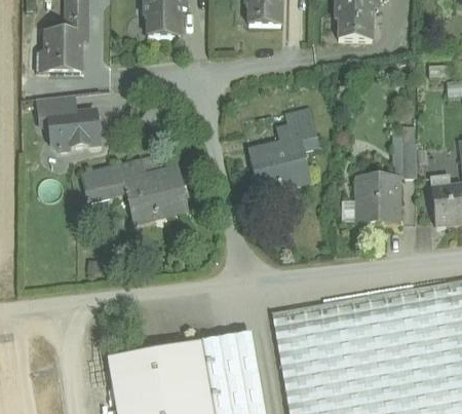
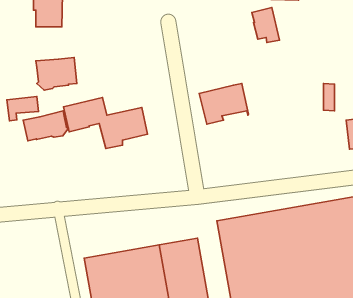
building: [37,93,76,123] -> [7,97,39,121]
building: [284,105,318,148] -> [252,8,279,43]
building: [356,175,399,223] -> none
building: none -> [23,111,69,141]

